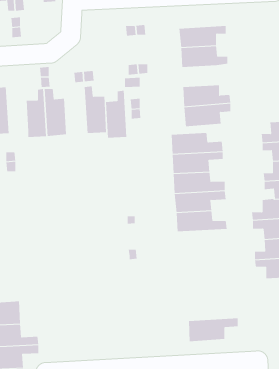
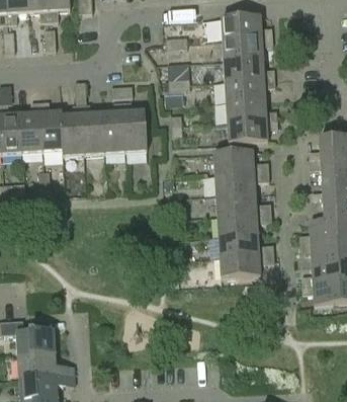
building: none -> [222,15,273,39]
building: none -> [226,77,276,101]
building: none -> [40,101,63,151]
building: [105,90,127,138] -> [102,101,125,152]
building: [188,318,239,342] -> [221,252,274,277]

